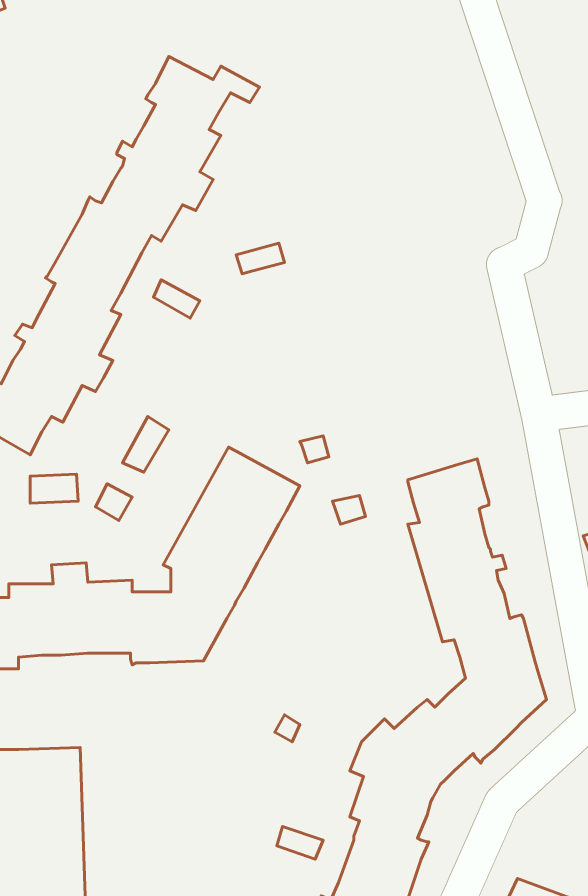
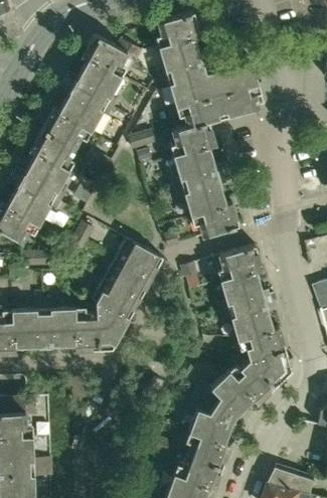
building: none -> [157,14,261,238]

